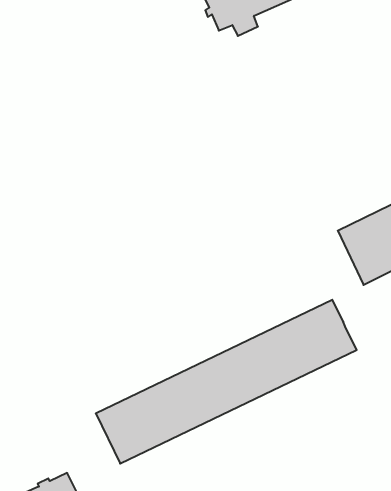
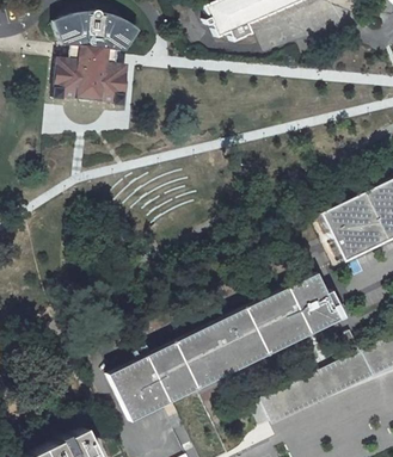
building: none -> [49,19,137,105]

